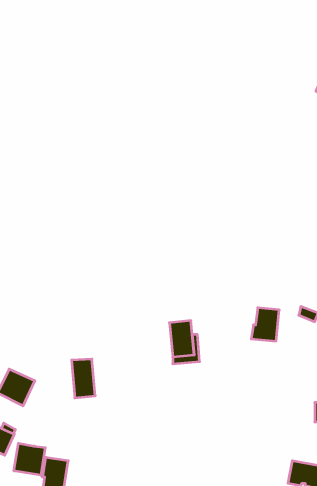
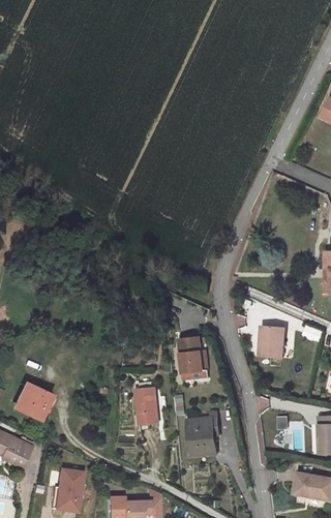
building: [72,359,95,398] -> [136,388,158,425]
building: none -> [187,418,215,456]
building: [14,443,45,475] -> none

